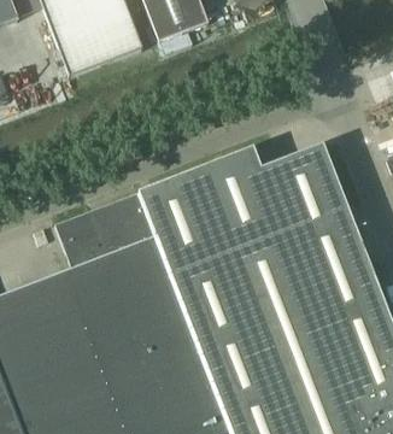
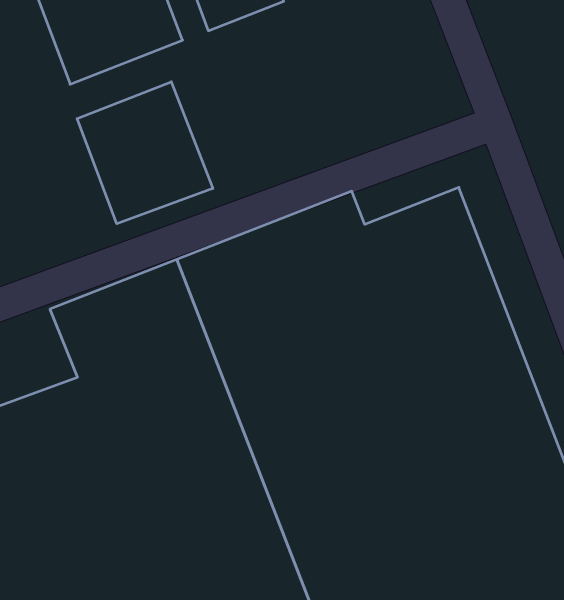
building: none -> [77,82,213,224]

